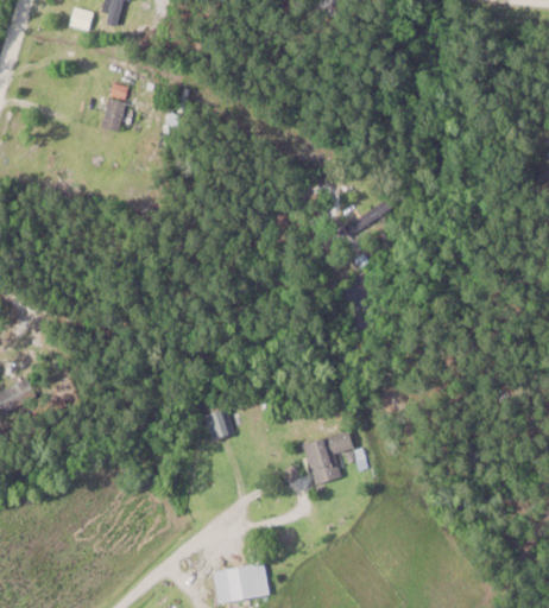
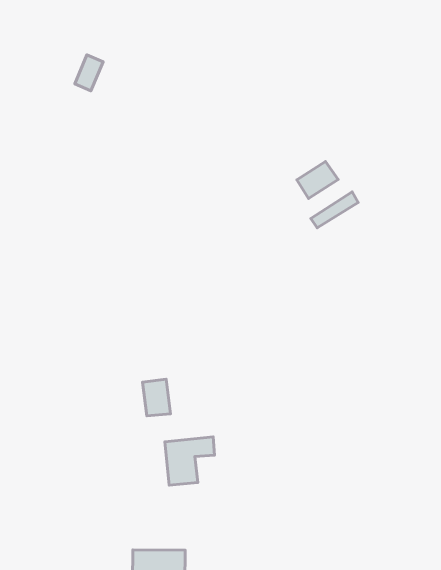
building: none -> [297,161,338,199]
building: [304,432,354,484] -> [165,437,215,485]

